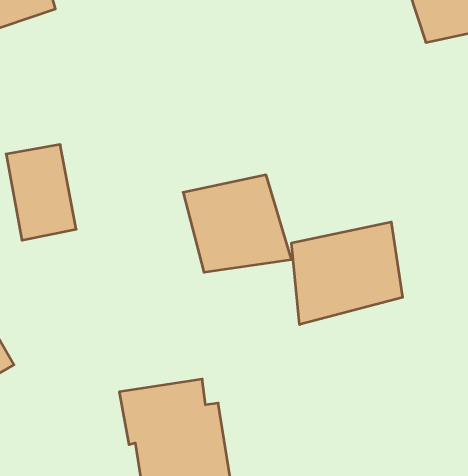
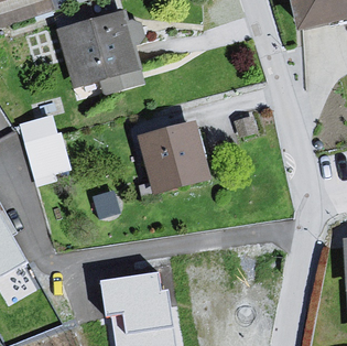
building: none -> [56,11,141,90]
building: [292,222,403,325] -> none

